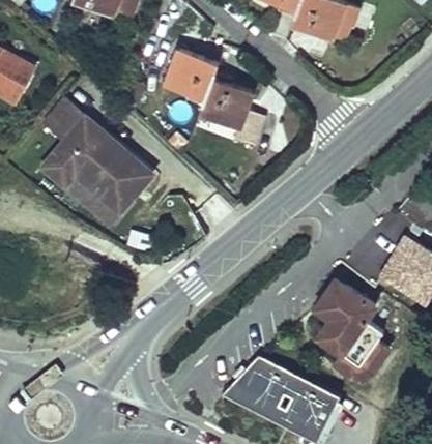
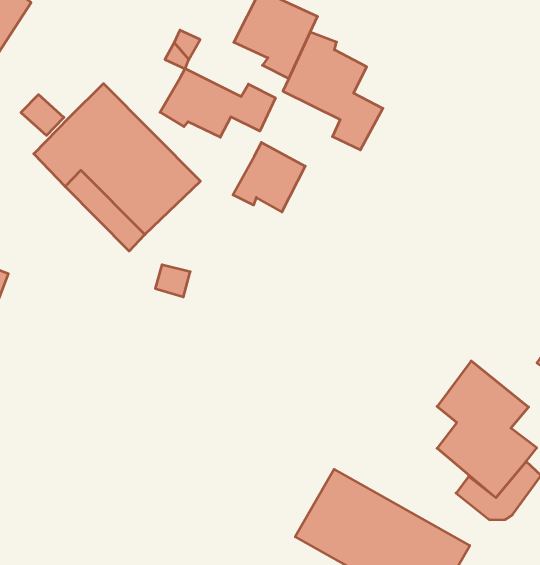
building: [44,99,83,141] -> none
building: none -> [160,69,275,137]
building: none -> [233,142,305,212]

